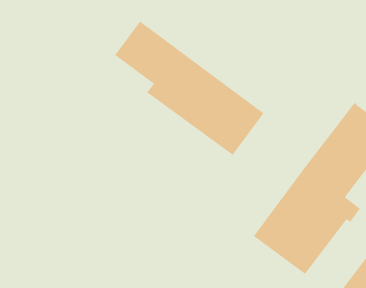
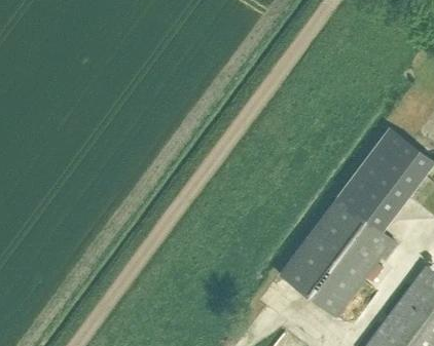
building: [114,20,264,156] -> none

